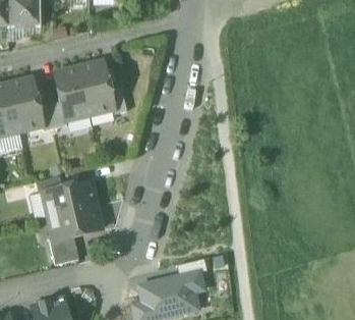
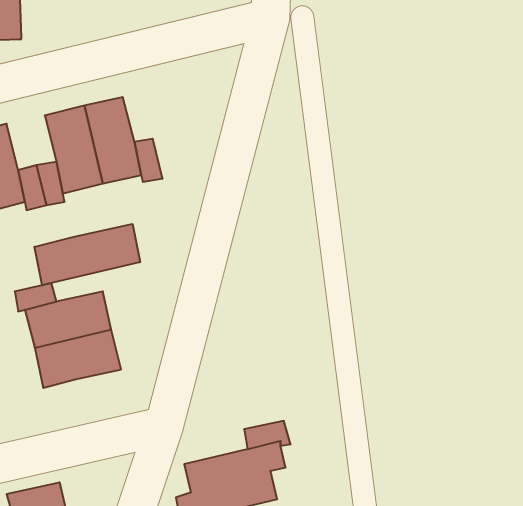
building: none -> [34,224,140,285]
building: [49,234,77,264] -> none

